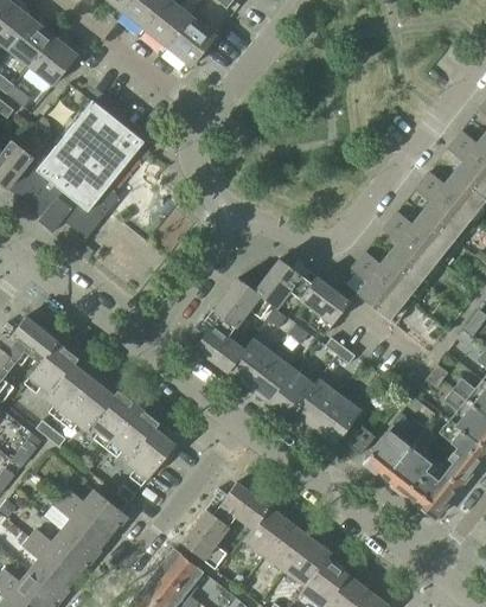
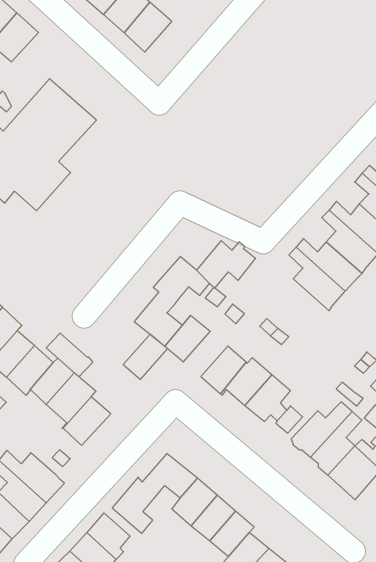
building: [300,275,348,334] -> none
building: [248,353,293,401] -> [123,334,168,379]
building: none -> [46,333,93,377]

